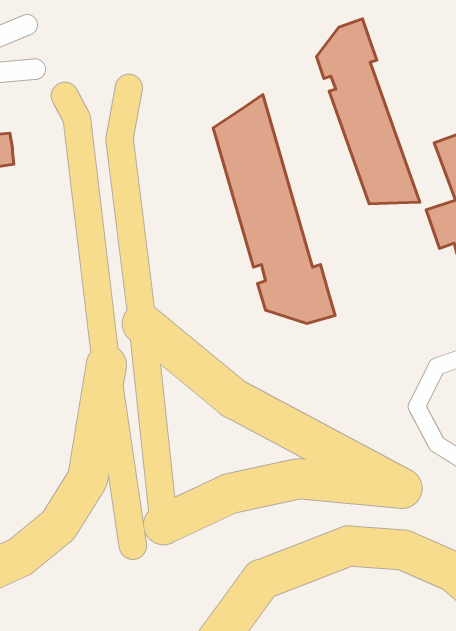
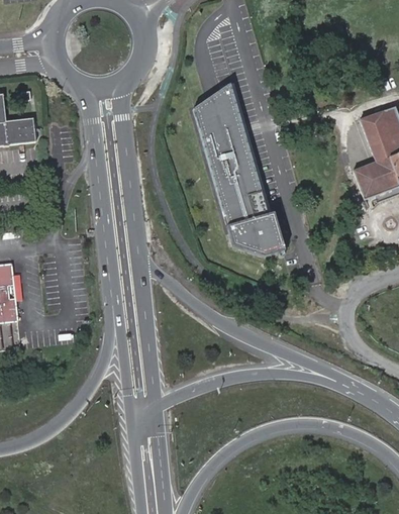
building: [316,19,420,204] -> none

